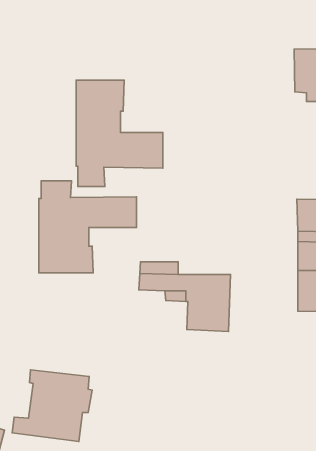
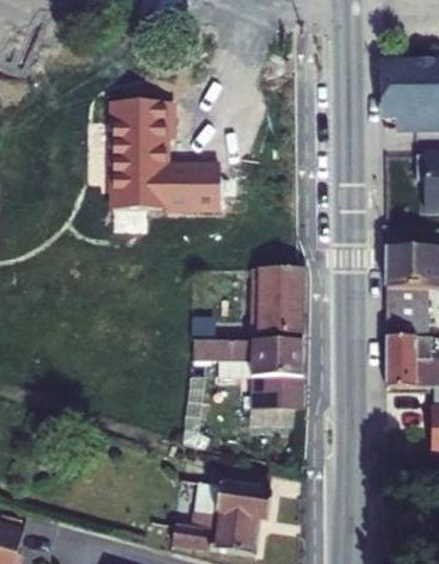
building: [39,181,137,273] -> none
building: none -> [255,268,304,334]
building: [12,370,92,441] -> [172,465,271,553]

